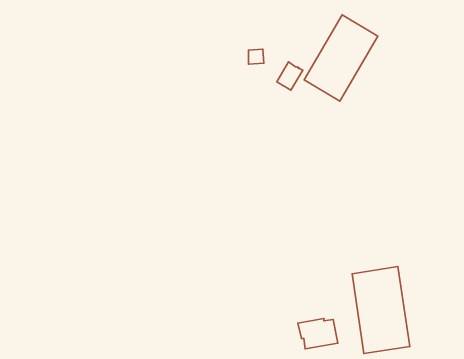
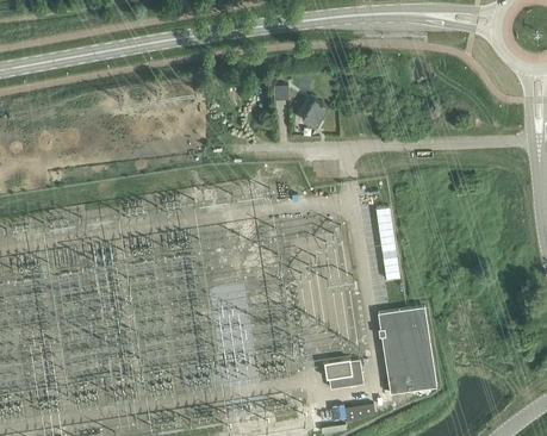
building: [304,15,378,101] -> none

